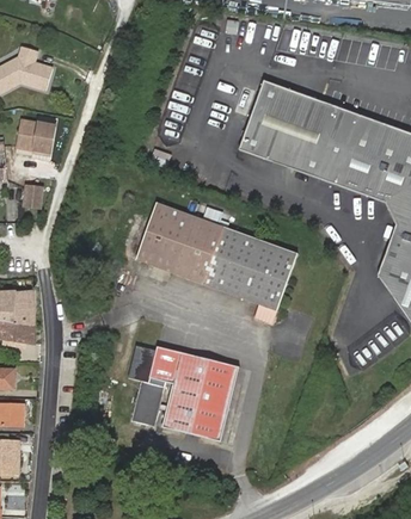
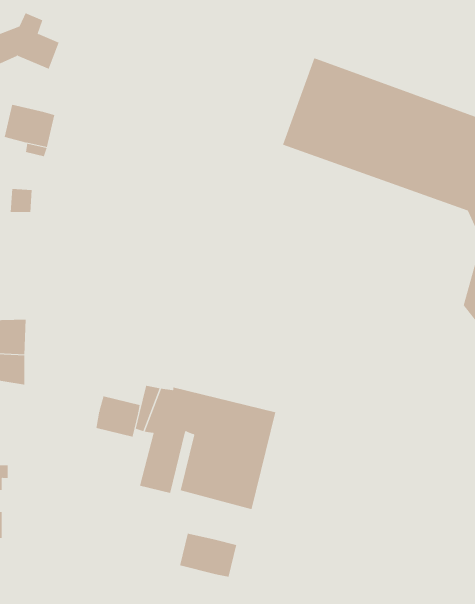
building: [133,193,295,320] -> none
building: none -> [96,395,140,437]
building: none -> [179,533,237,577]

